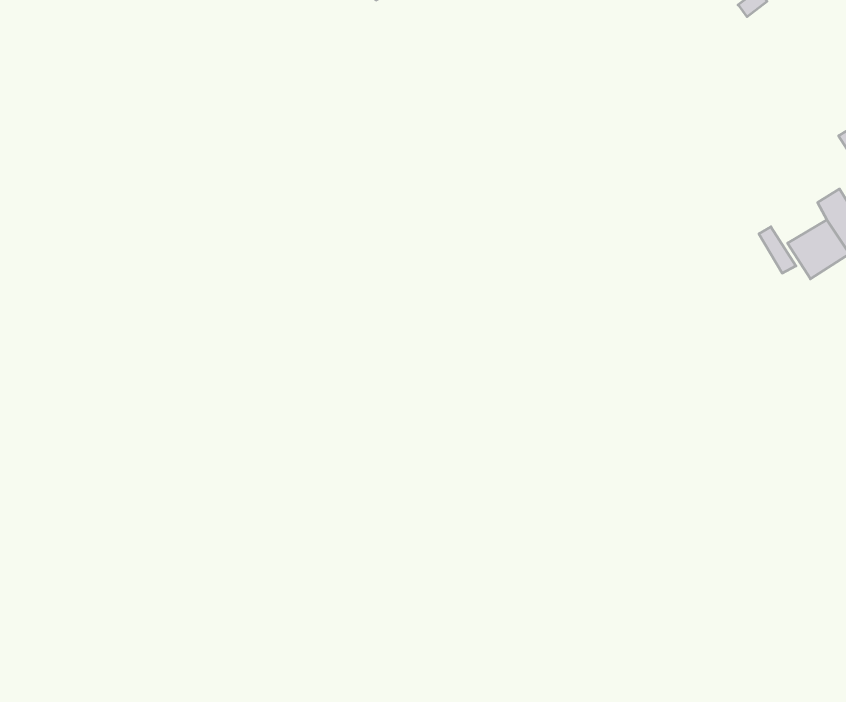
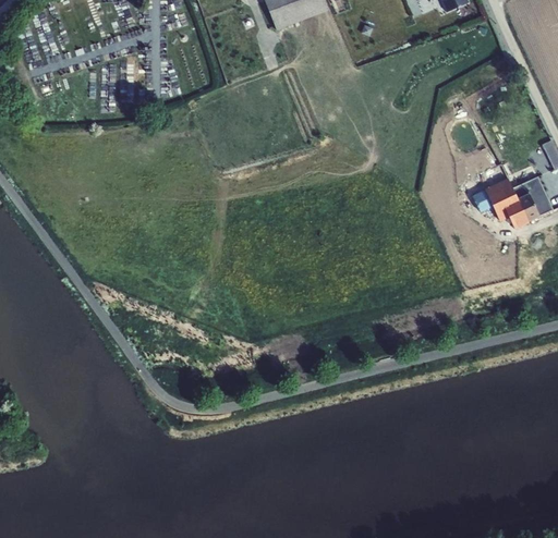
building: none -> [498,168,529,204]

